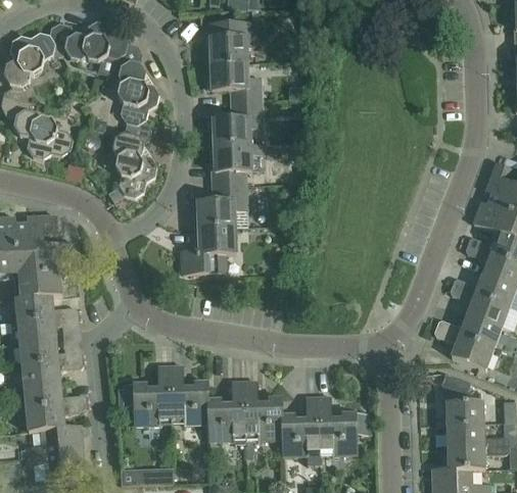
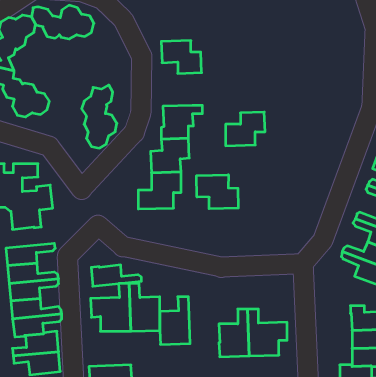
building: [207,21,252,64] -> none
building: [115,42,157,124] -> none
building: [213,103,262,145] -> [226,112,265,146]
building: none -> [197,175,238,209]
building: [15,295,78,322] -> [91,265,141,286]
building: [244,381,283,457] -> none

